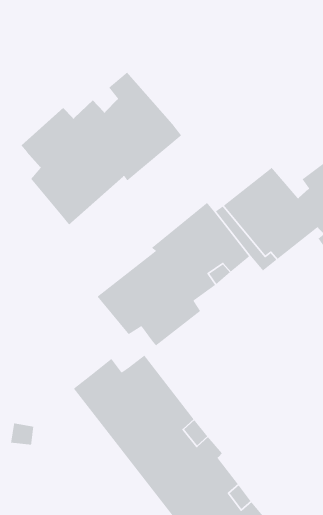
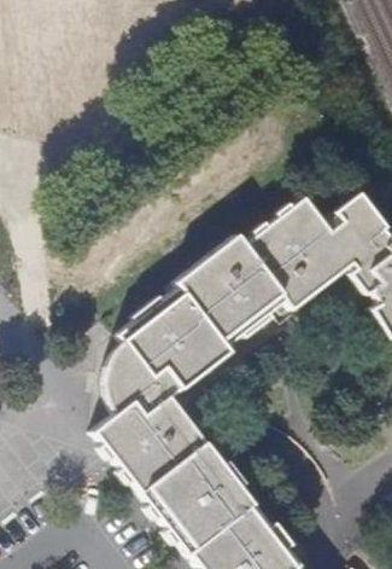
building: [20,71,182,225] -> none
building: none -> [107,341,185,414]

